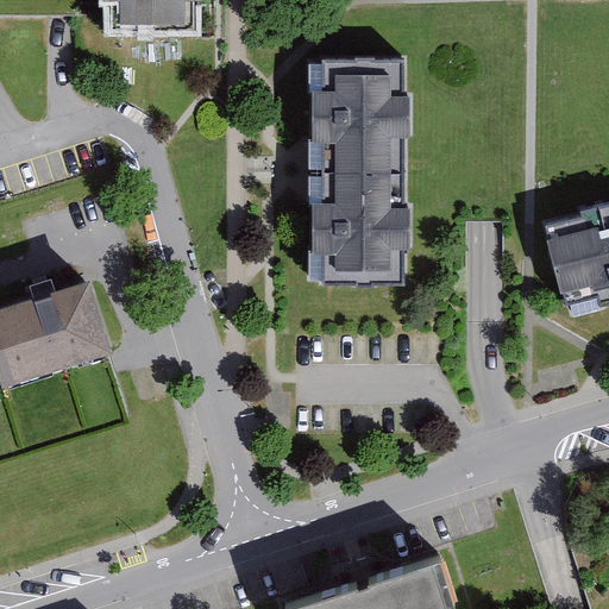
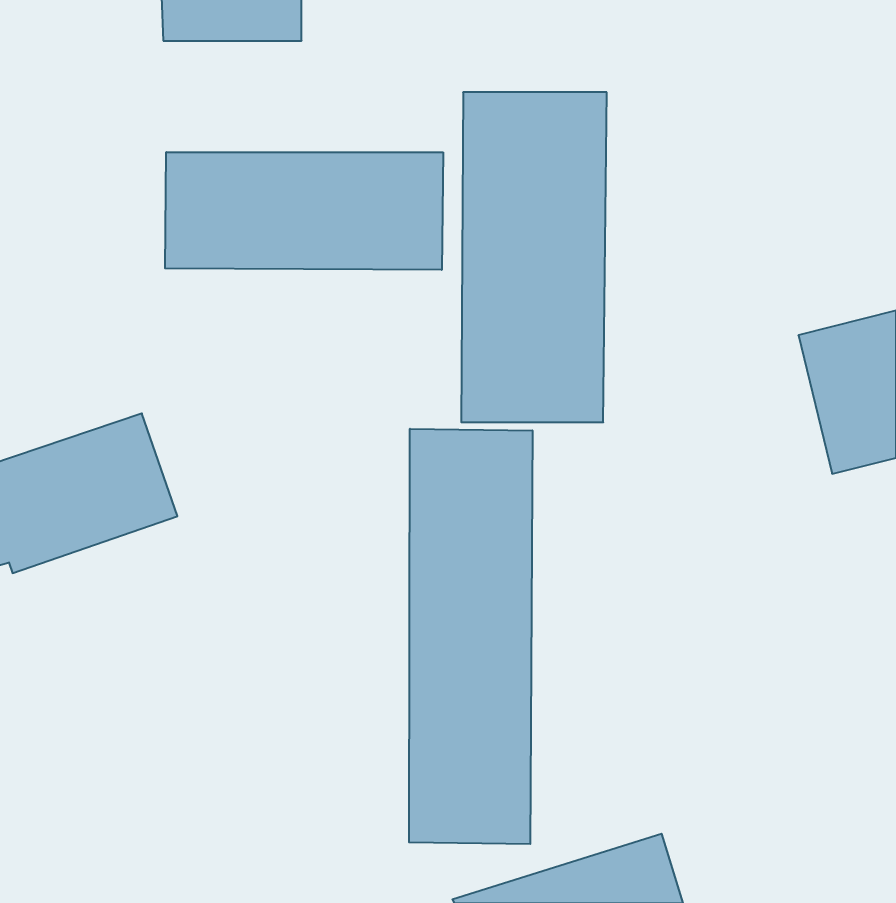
building: none -> [165,152,443,270]
building: none -> [409,429,532,844]

